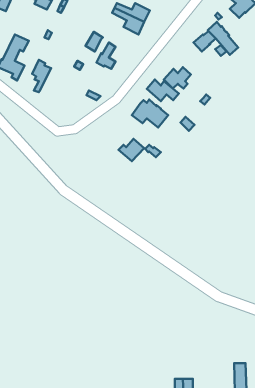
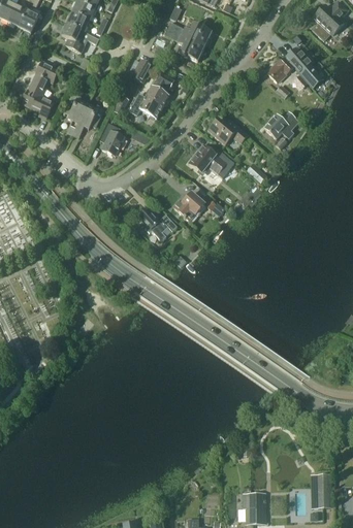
building: none -> [61,24,98,54]
building: none -> [129,96,163,119]
building: [164,67,191,89] -> [264,112,298,139]
building: none -> [72,104,103,137]
building: none -> [102,123,124,156]
building: none -> [138,209,176,240]

